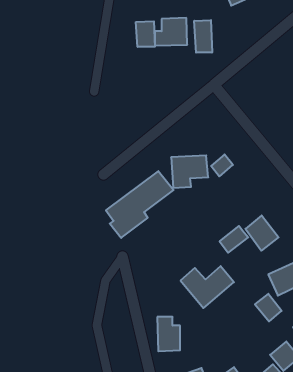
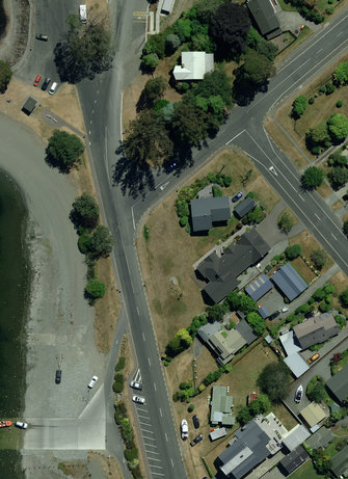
building: [194,20,212,53] -> none
building: [136,21,155,47] -> none
building: [106,171,174,238] -> [199,229,273,301]
building: [157,317,180,351] -> [210,387,235,424]

